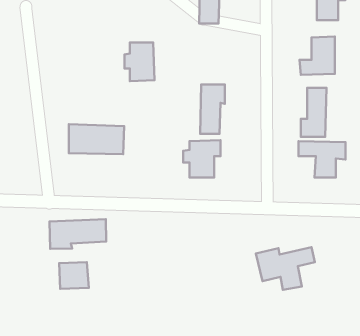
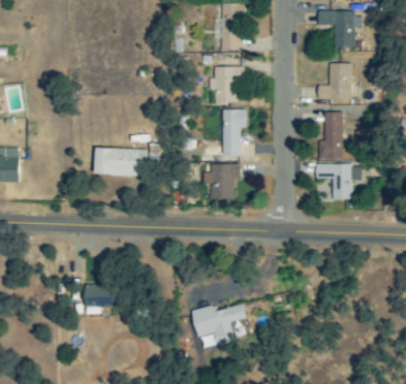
building: [124,43,154,81] -> [210,67,239,104]
building: [50,219,106,249] -> none
building: [256,247,315,290] -> [191,305,248,346]

